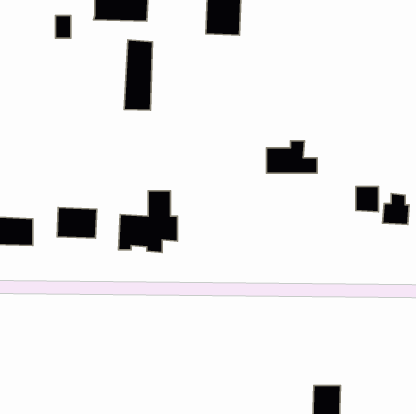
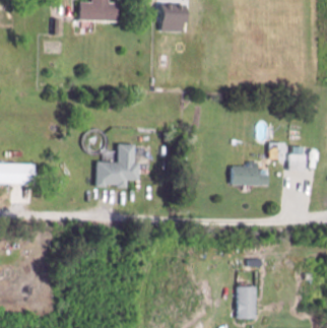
building: [124,40,153,110] -> none
building: [267,141,317,173] -> [232,161,268,185]
building: [57,208,97,238] -> none

